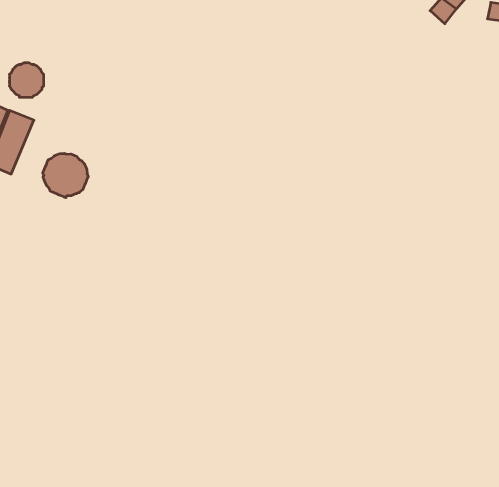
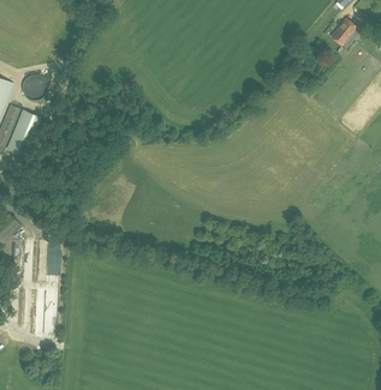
building: [43,153,88,198] -> none

